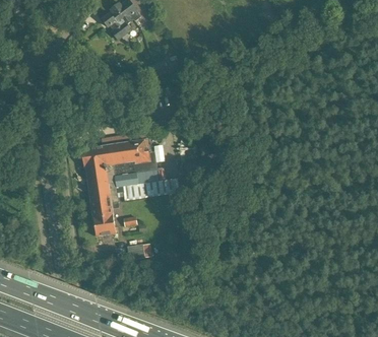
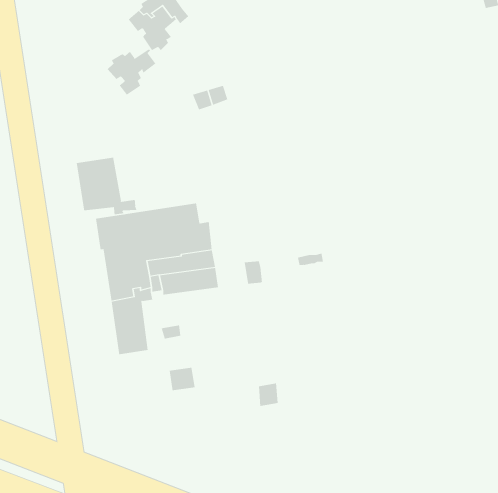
building: none -> [107,48,156,96]
building: none -> [76,157,137,215]

